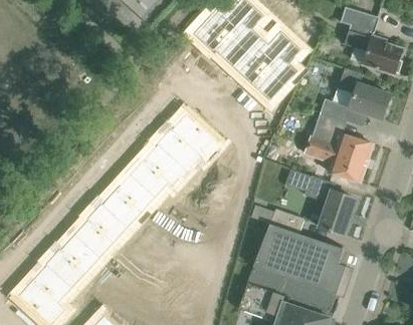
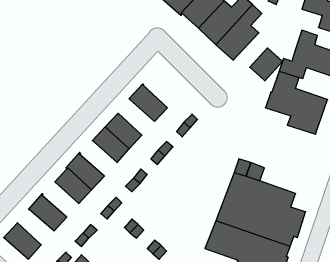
building: none -> [250,48,283,81]
building: [170,112,211,152] -> none
building: [143,143,183,183] -> none
building: [304,176,355,235] -> none
building: [100,189,142,228] -> none
building: [59,234,99,273] -> none
building: [32,264,72,303] -> none

